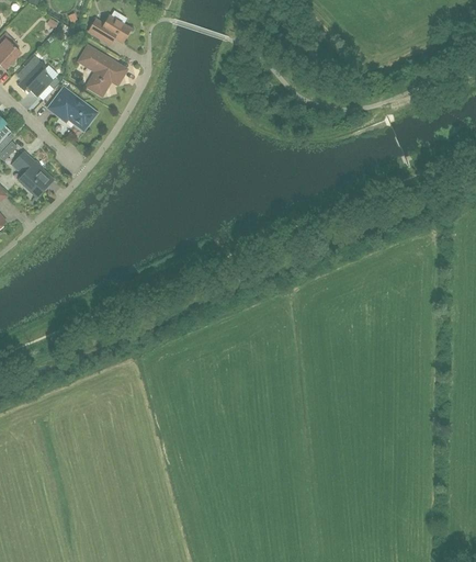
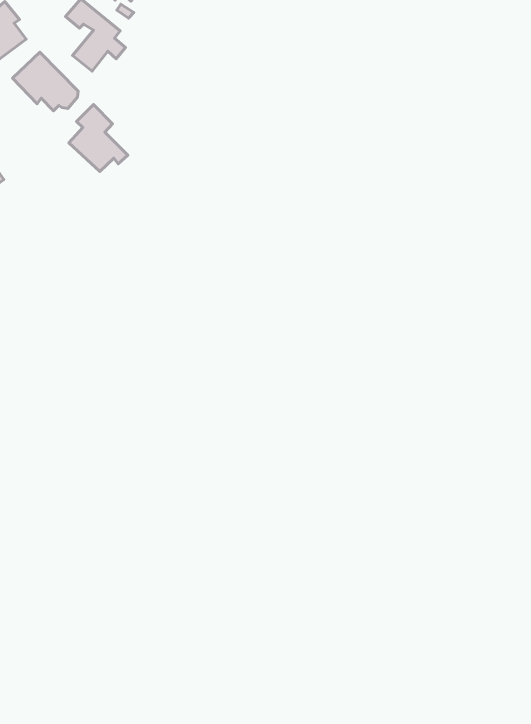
building: none -> [69,105,128,172]

